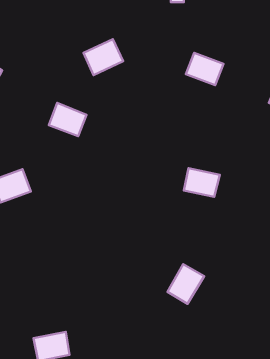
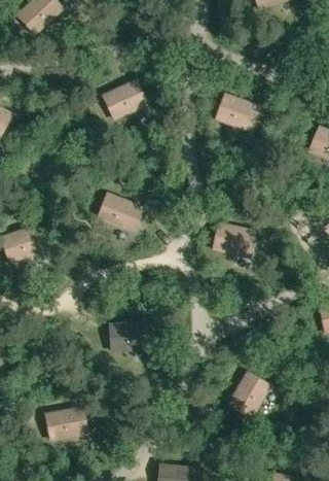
building: [49,103,87,136] -> [99,193,141,230]
building: none -> [110,322,147,350]
building: [167,264,204,304] -> [228,372,269,416]

